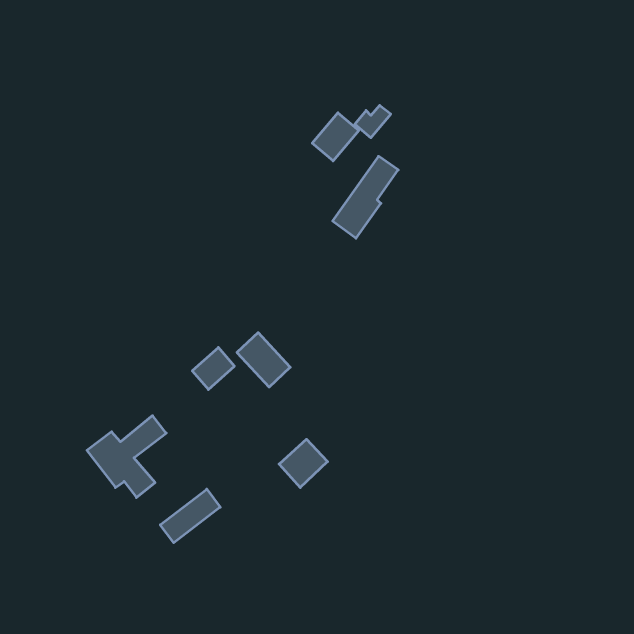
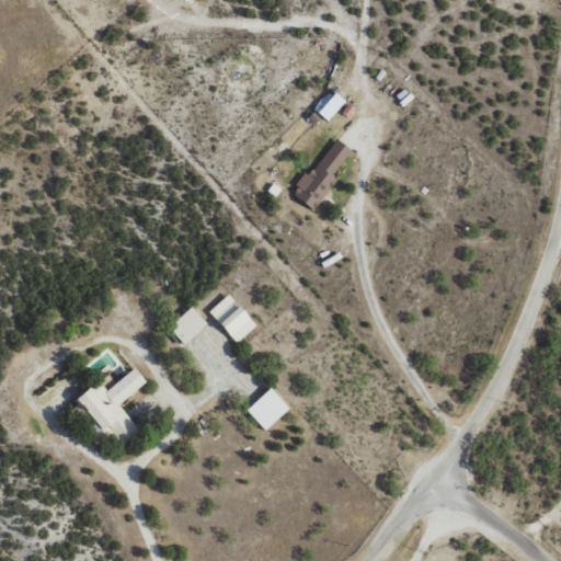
building: [312,113,359,161] -> none
building: [160,489,220,543] -> none

